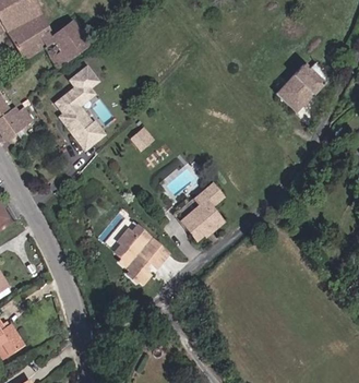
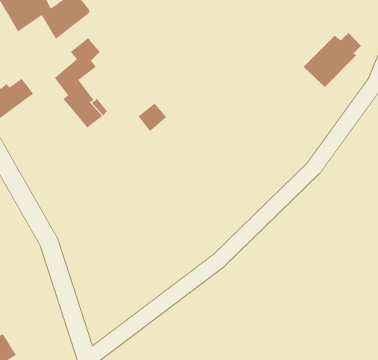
building: [180,184,222,239] -> none
building: [116,224,171,282] -> none

